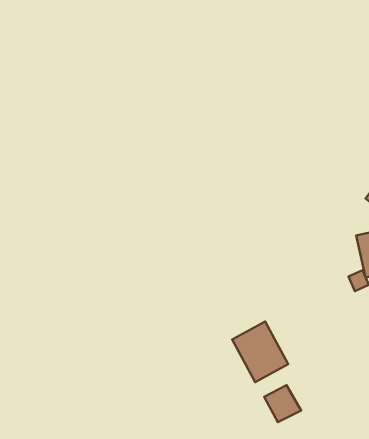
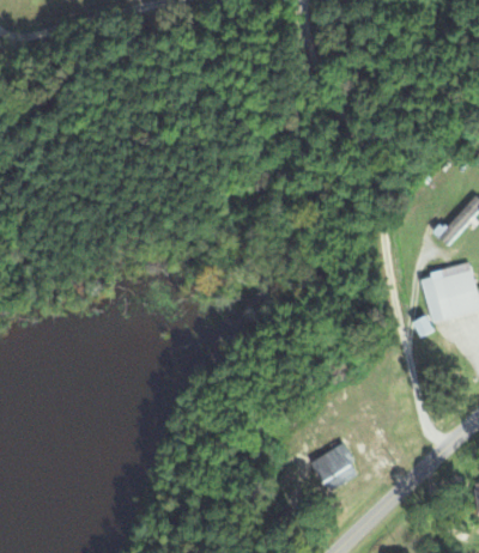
building: [232,322,288,382] -> none

